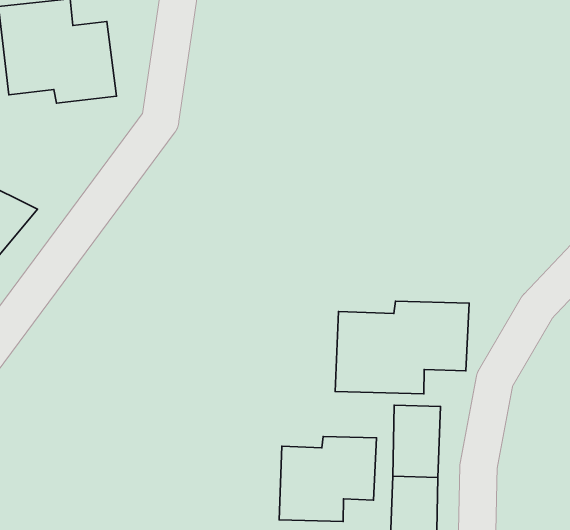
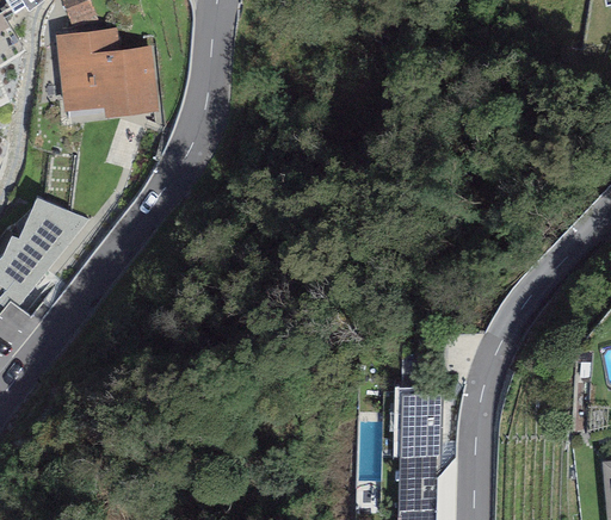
building: [335,301,469,394] -> none
building: [279,436,376,522] -> none

